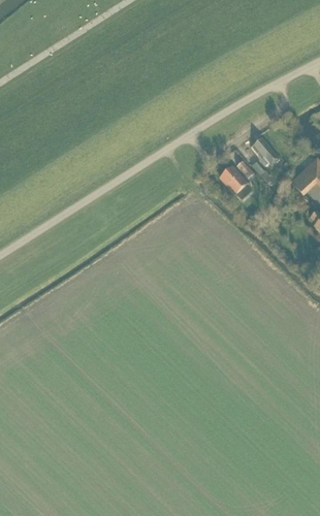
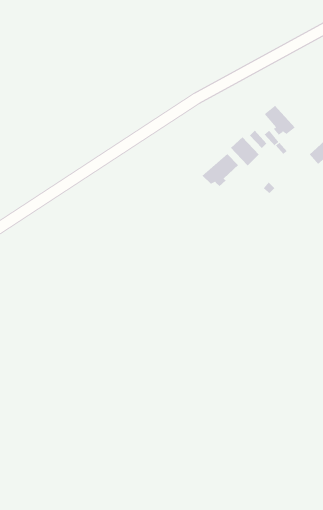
building: none -> [201,153,239,187]

